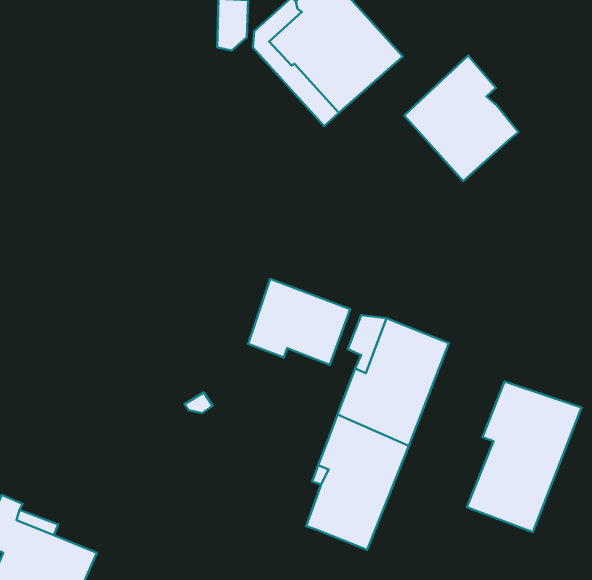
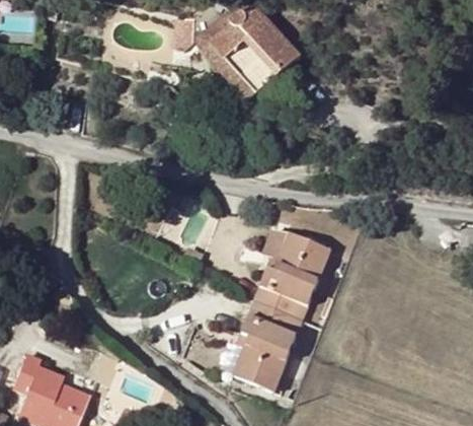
building: [404,55,518,181] -> none
building: [248,279,350,365] -> none
building: [467,381,582,532] -> none

